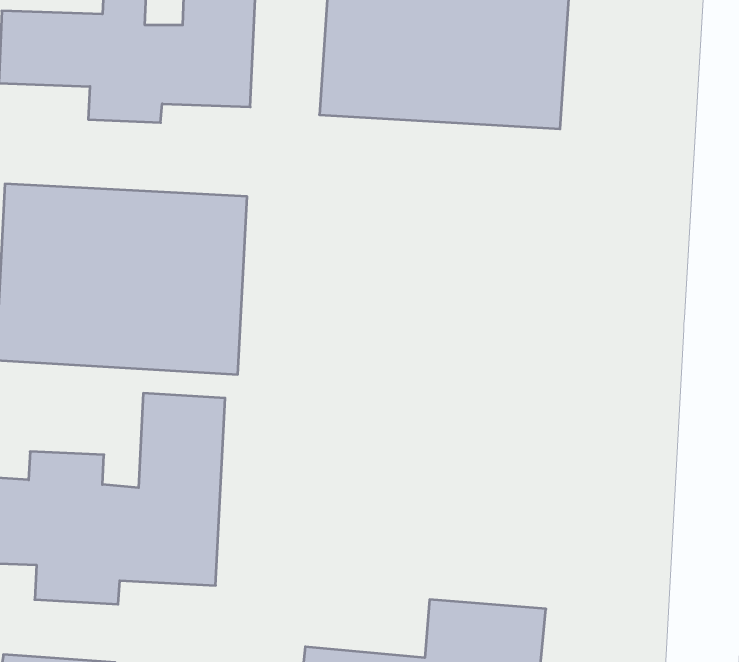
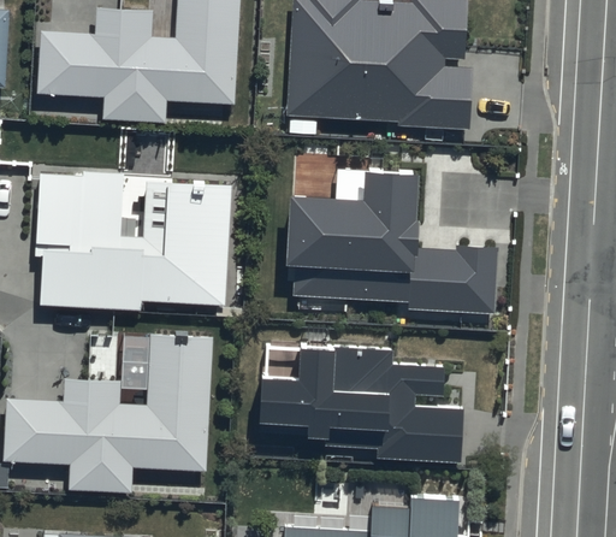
building: none -> [291,160,497,311]
building: none -> [257,340,463,464]

